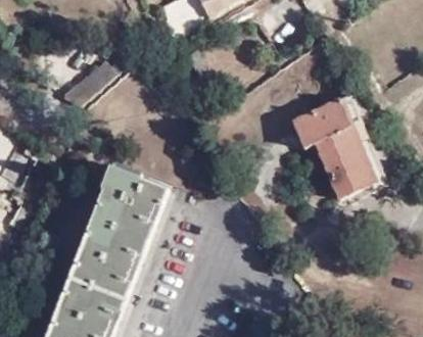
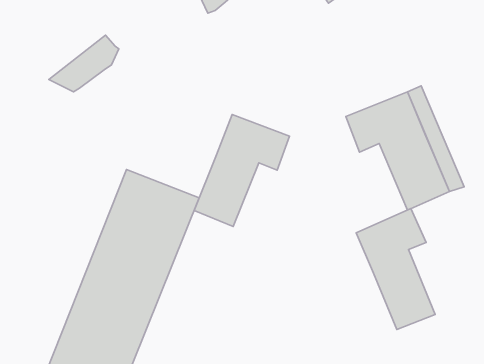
building: none -> [194,115,289,227]
building: none -> [356,209,435,330]

